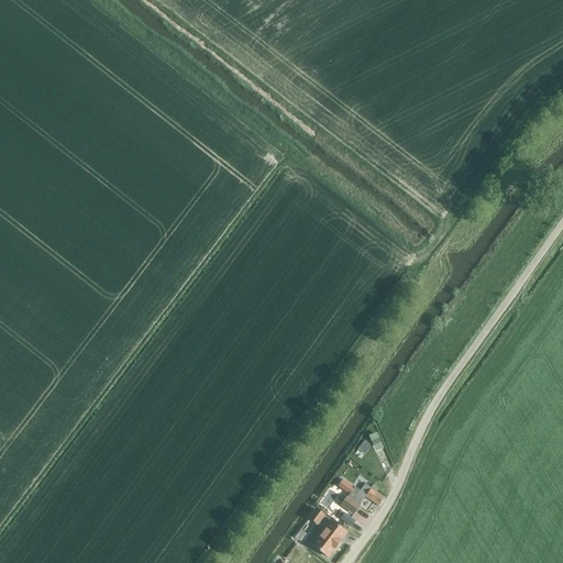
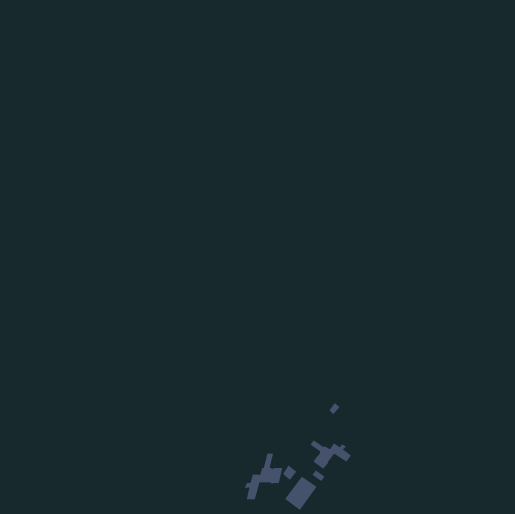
building: none -> [244,453,283,500]

